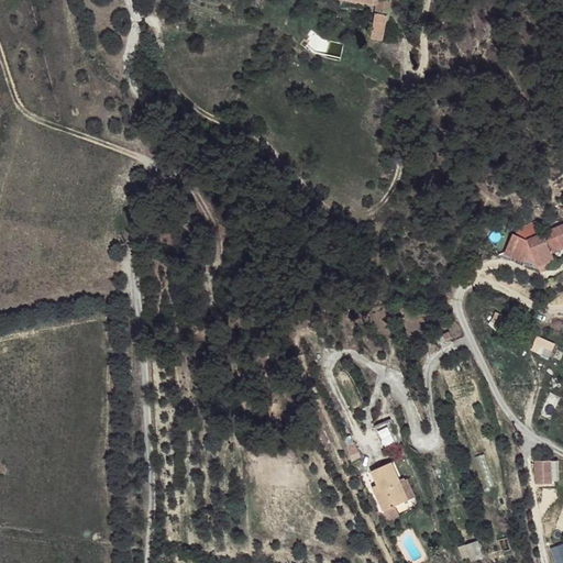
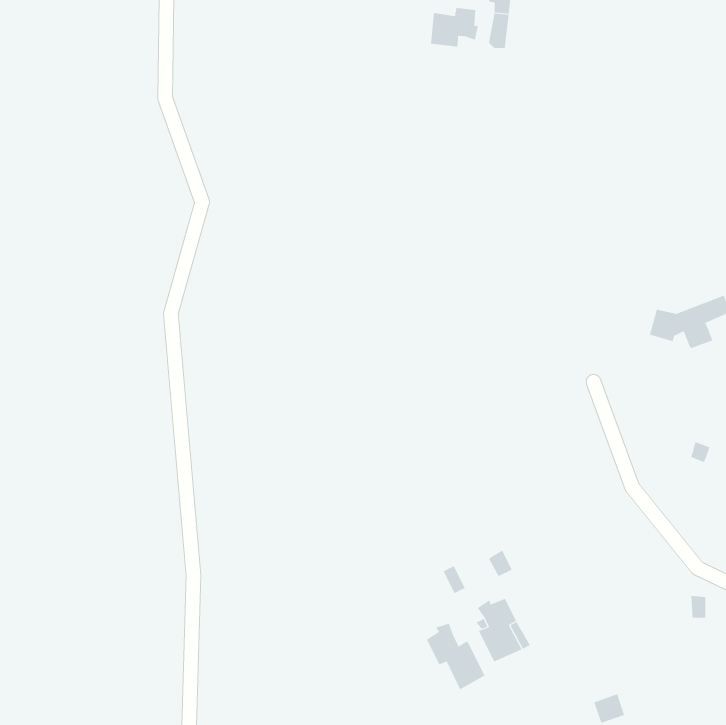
building: none -> [431,7,478,47]
building: none -> [426,623,485,690]

